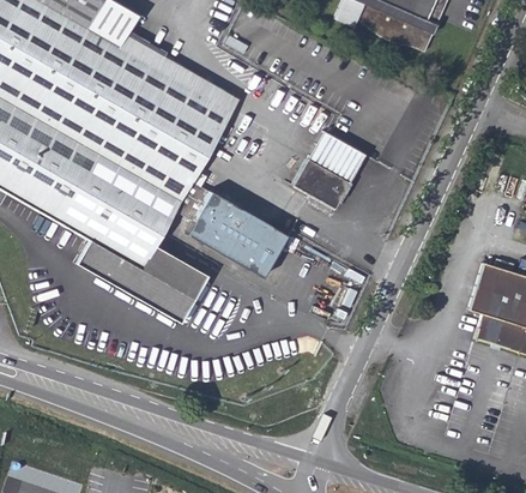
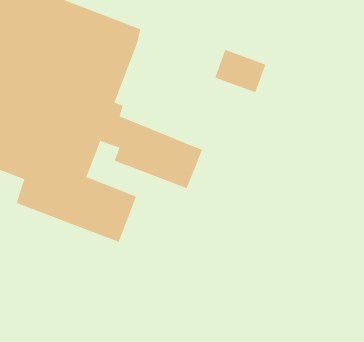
building: [295,161,351,209] -> none

